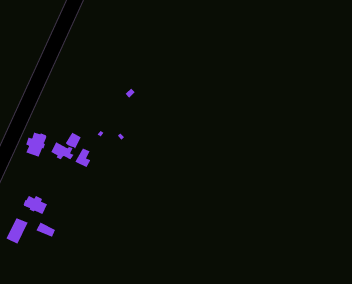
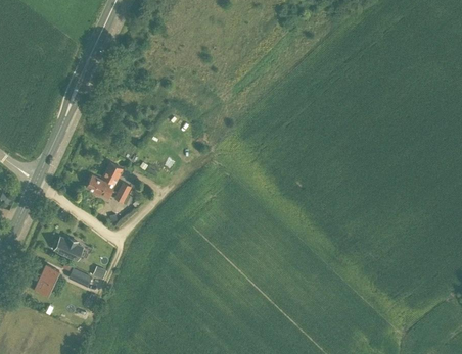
building: [25,132,47,157] -> none

